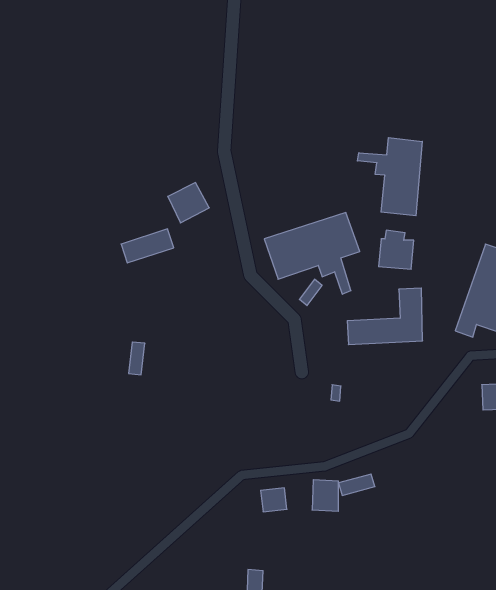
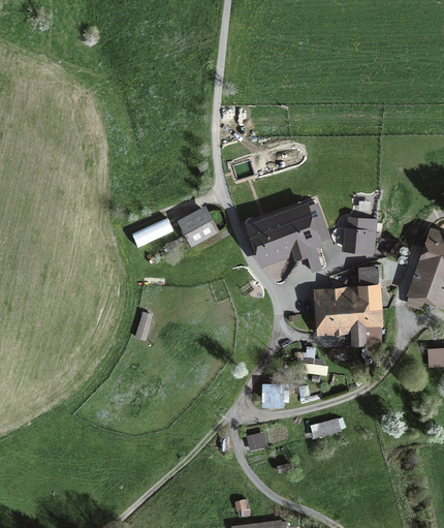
building: [357,138,422,216] -> none
building: [168,183,209,223] -> [181,210,215,243]
building: none -> [318,310,381,345]
building: [312,480,338,511] -> [261,381,283,407]

